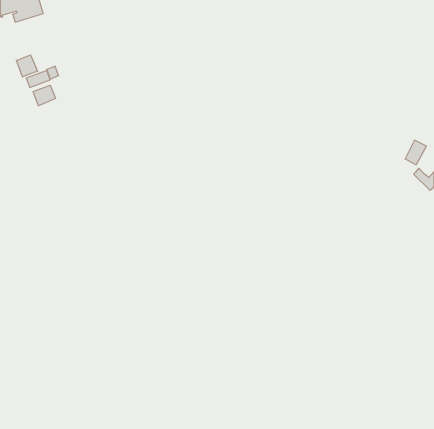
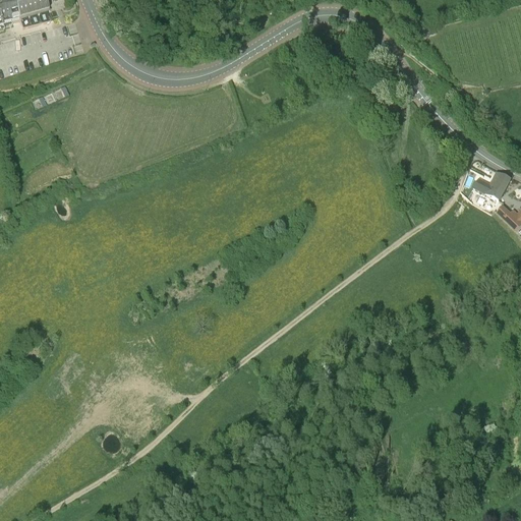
building: [16,55,38,77] -> none
building: [33,85,56,106] -> none

